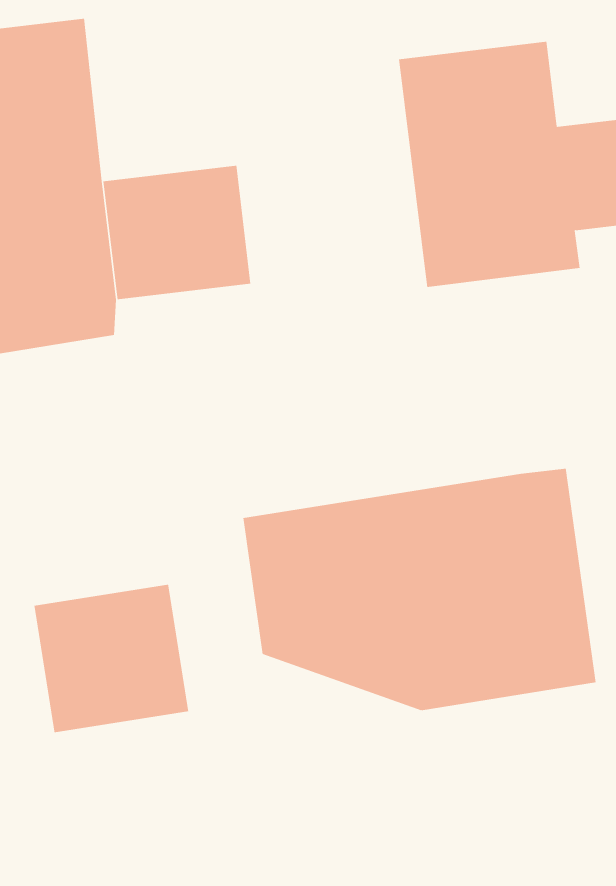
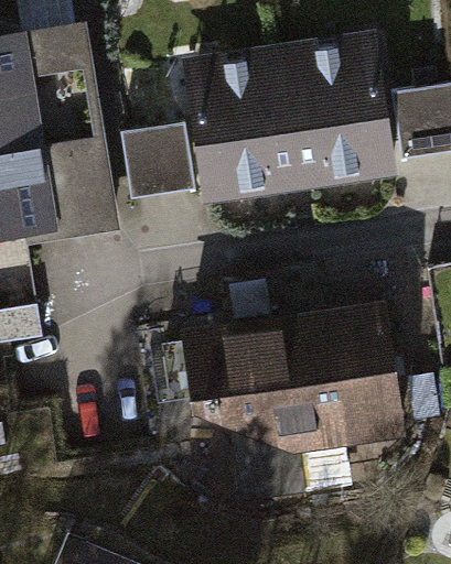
building: none -> [178,48,301,203]
building: [34,584,189,733] -> none

